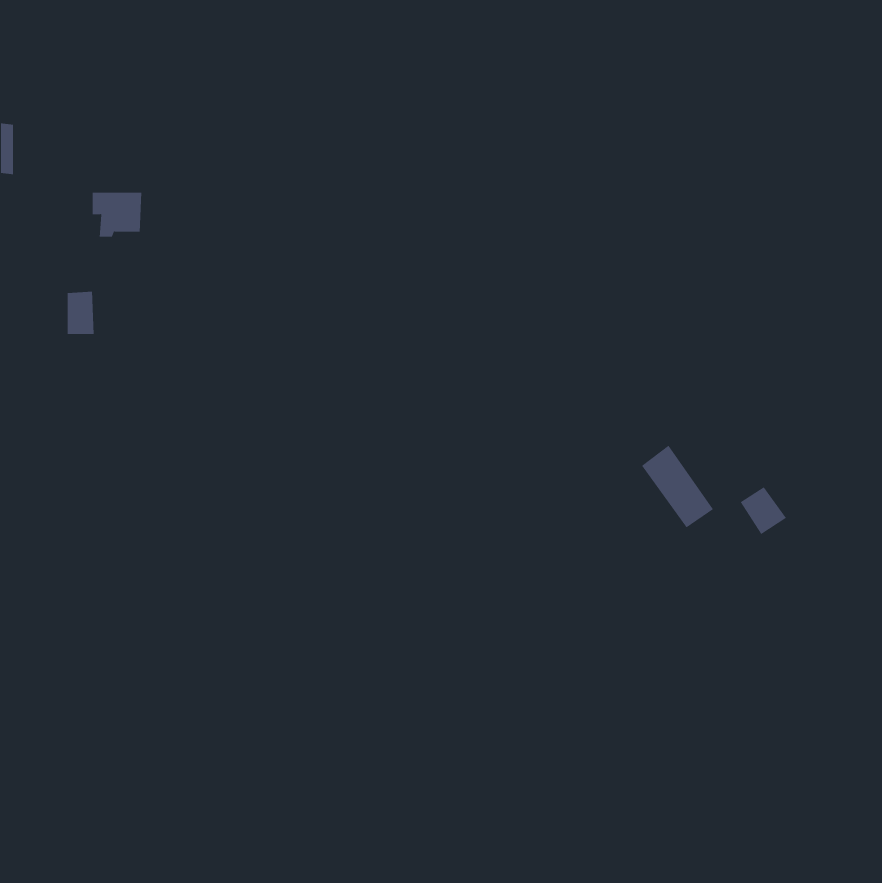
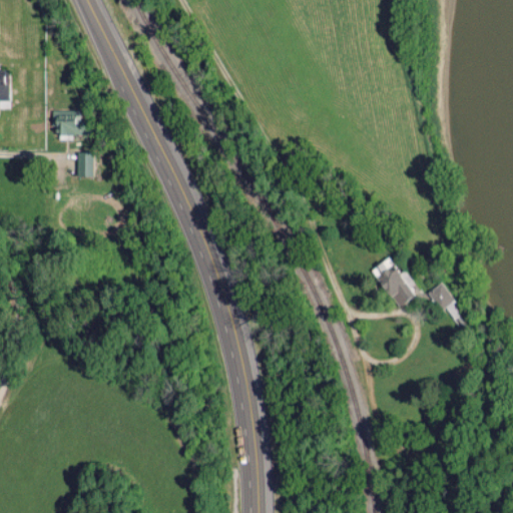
building: [67,291,94,334] -> [77,151,93,176]

